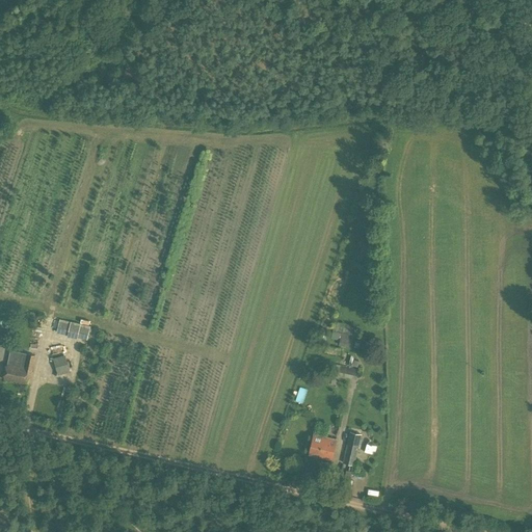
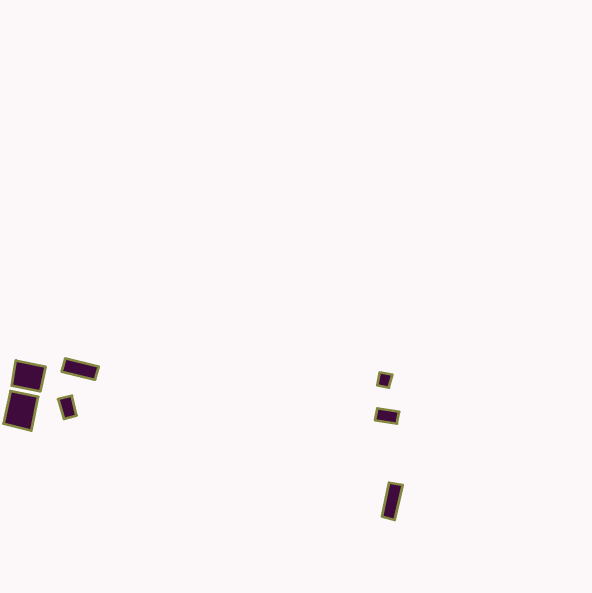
building: none -> [12,360,45,391]
building: [309,434,336,459] -> none

